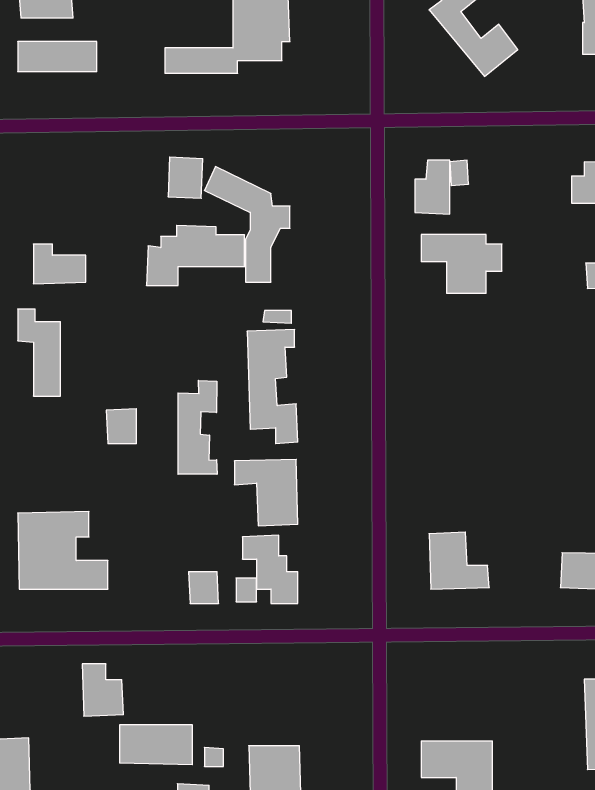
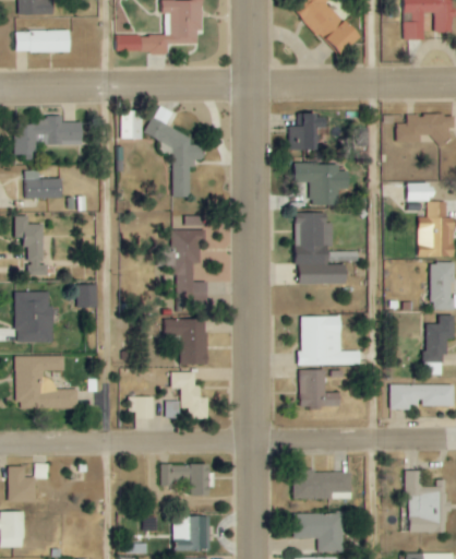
building: [146,225,245,285] -> [14,116,82,157]
building: none -> [298,212,347,284]
building: [178,380,217,474] -> none
building: none -> [15,292,53,342]
building: none -> [297,316,360,366]
building: [82,664,123,716] -> [8,466,36,502]
building: none -> [293,471,352,499]
building: [120,725,192,765] -> [160,464,211,491]

